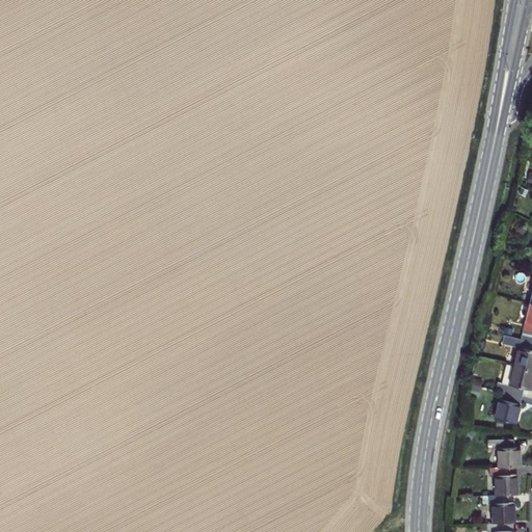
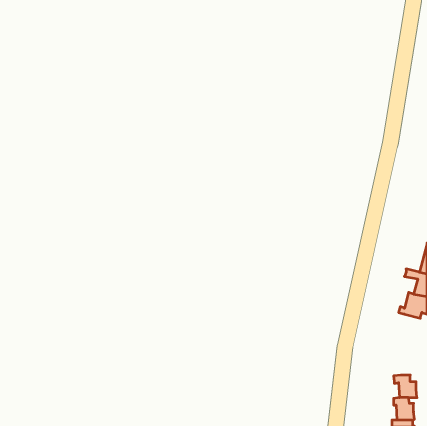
building: [496,392,523,424] -> none
building: [488,441,522,468] -> none

